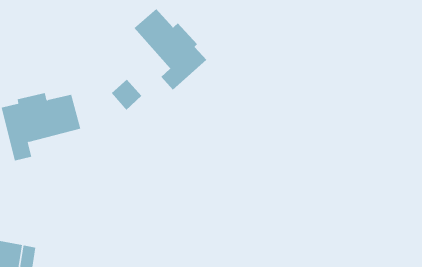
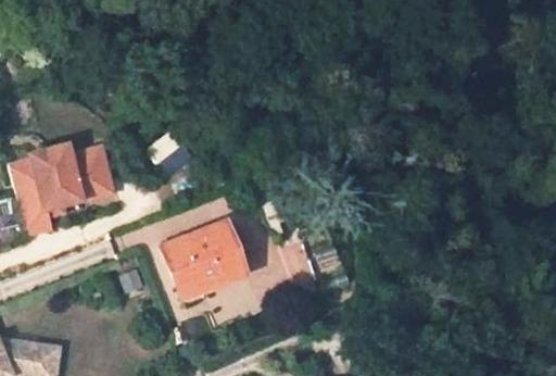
building: [133,8,207,90] -> none
building: none -> [165,222,245,296]

